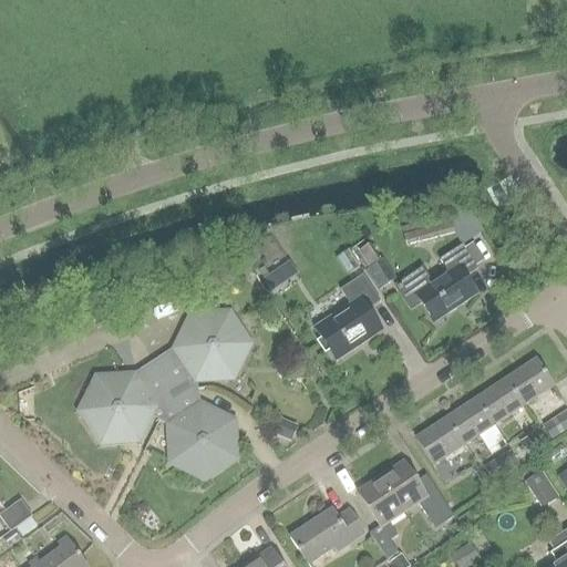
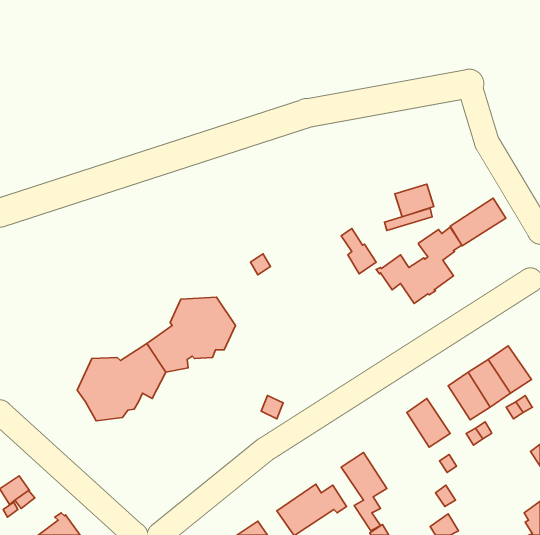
building: none -> [395,184,434,217]
building: none -> [450,198,506,246]
building: [316,271,379,357] -> none
building: [159,385,235,475] -> none
building: [447,404,493,454] -> none
building: [381,458,455,523] -> none
building: [523,466,558,504] -> none

